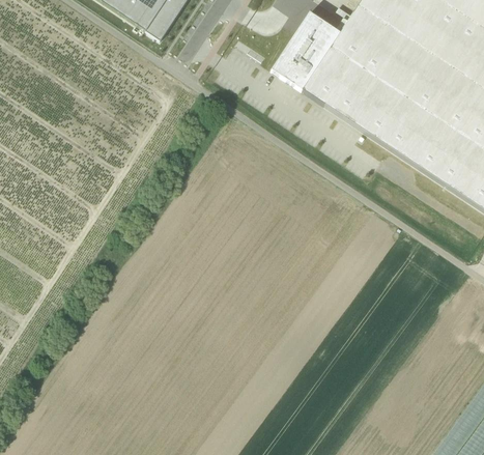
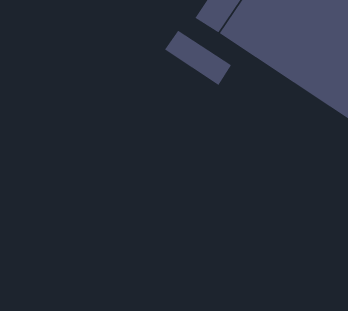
building: none -> [164,30,232,86]

